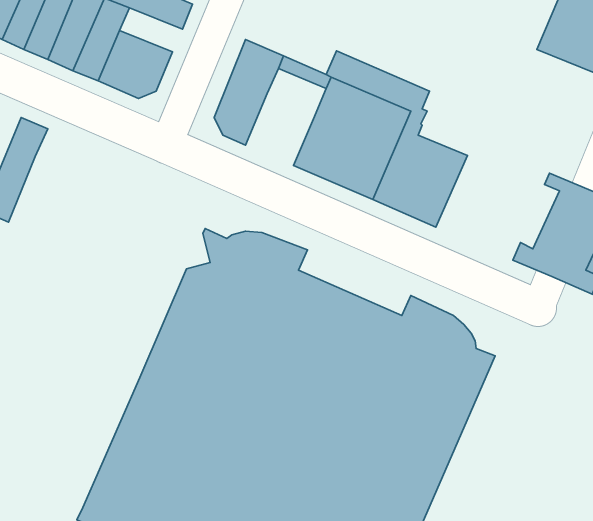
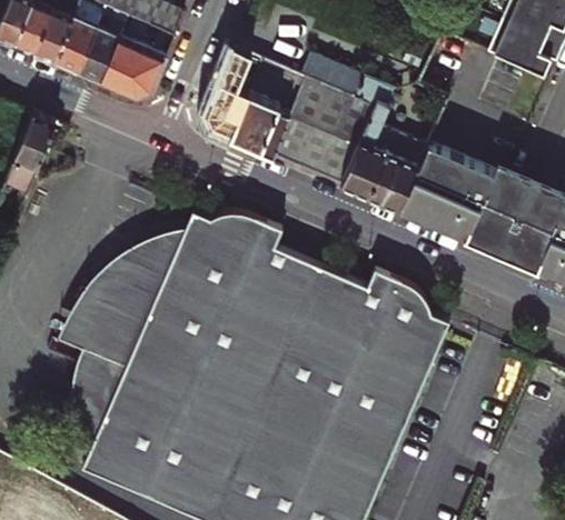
building: none -> [229,93,289,157]
building: none -> [397,146,506,240]
building: none -> [57,217,198,458]

